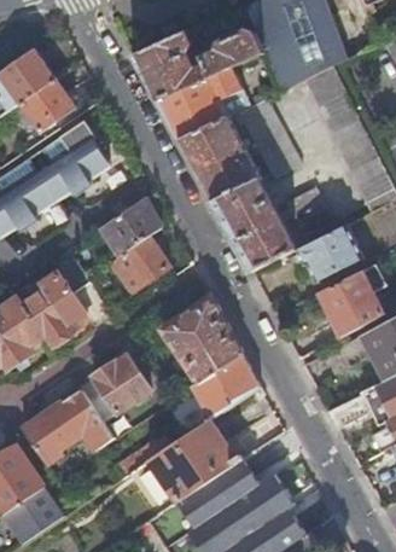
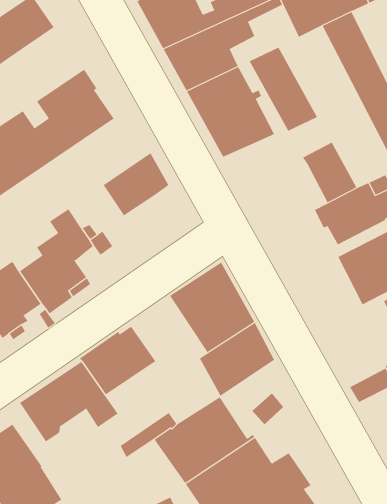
building: [21,79,76,130] -> none
building: [211,179,296,269] -> none
building: [110,234,168,289] -> none

